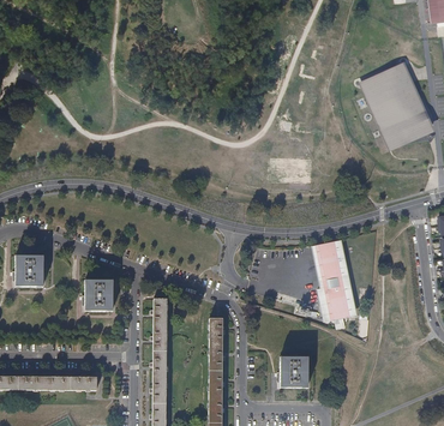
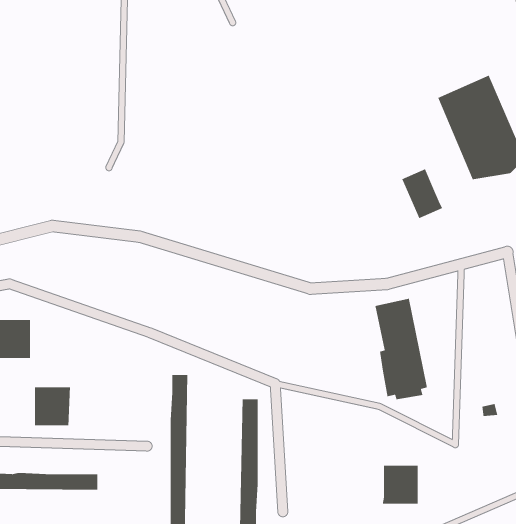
building: none -> [401,168,443,219]
building: [84,280,113,311] -> [34,387,71,426]
building: [278,356,307,388] -> [382,465,418,505]

